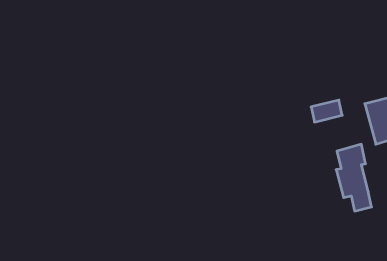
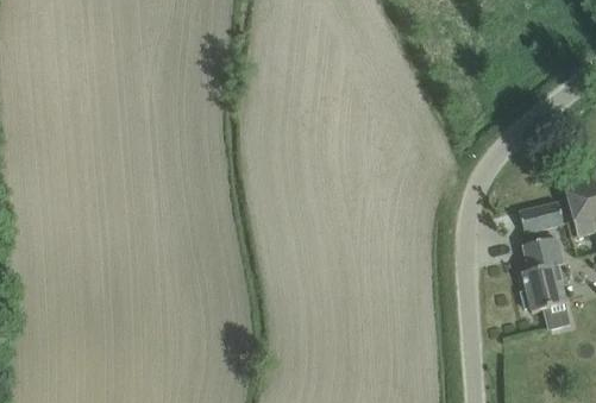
building: [311,100,342,122] -> [519,201,563,232]

